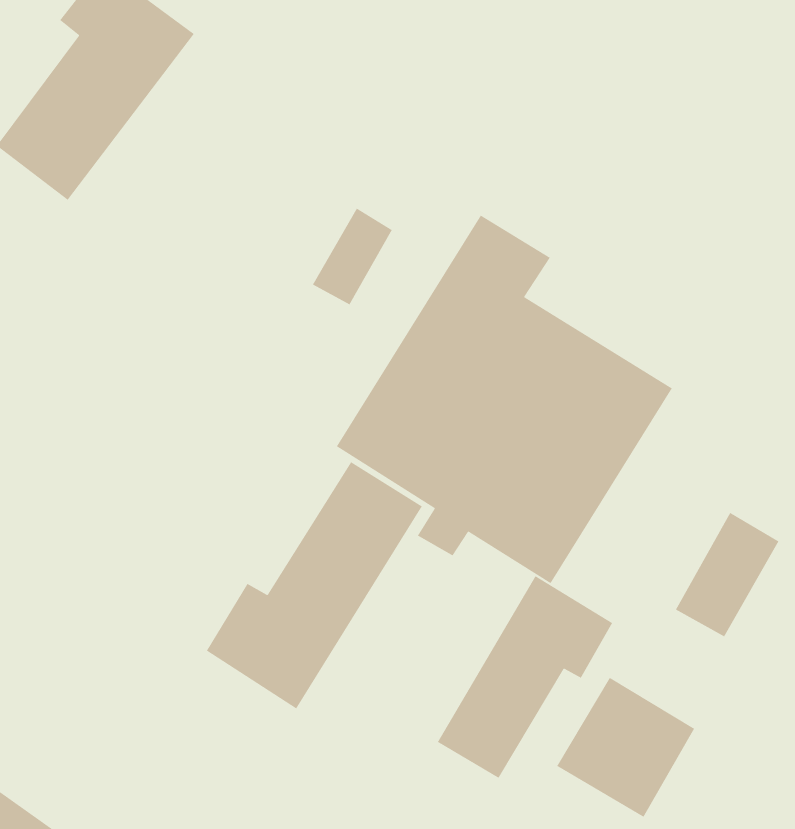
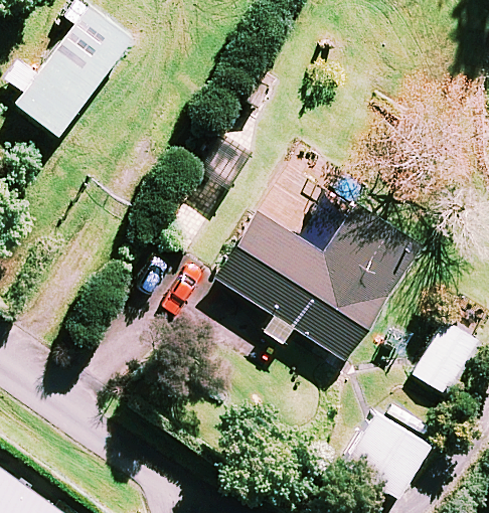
building: [206,461,423,709] -> none
building: [437,575,613,779] -> none

